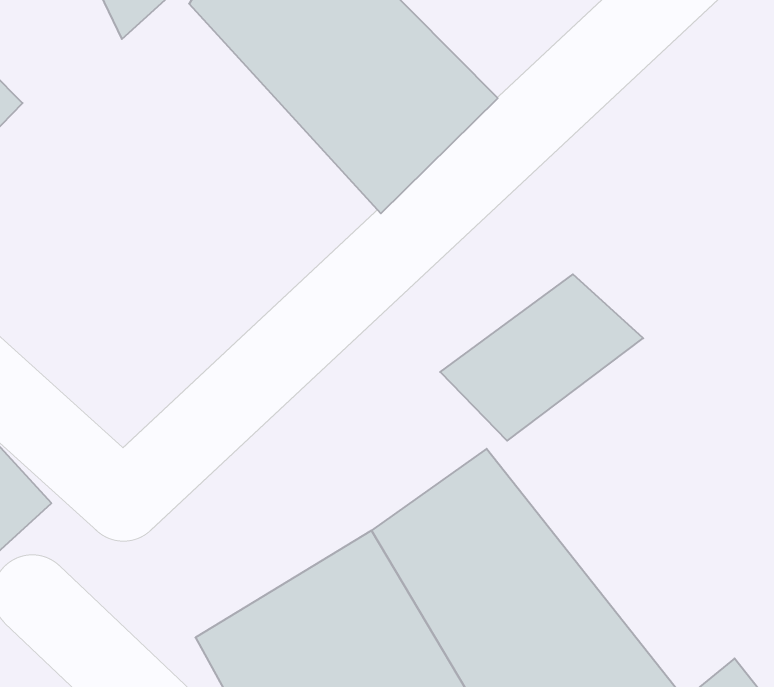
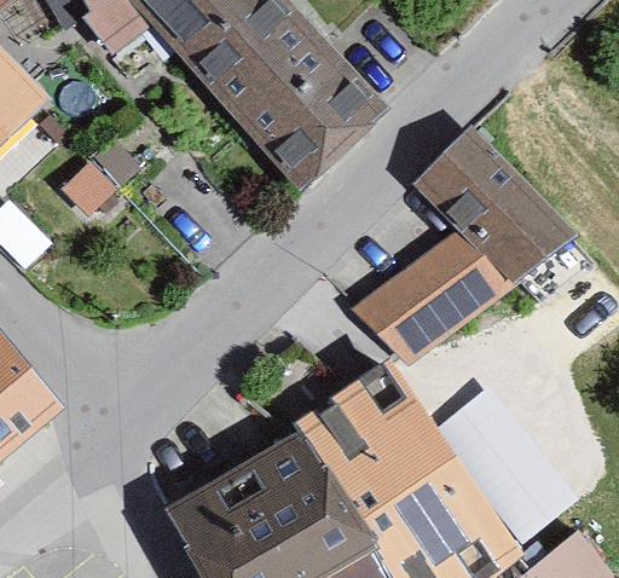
building: none -> [412,137,559,276]
building: none -> [450,380,566,530]

